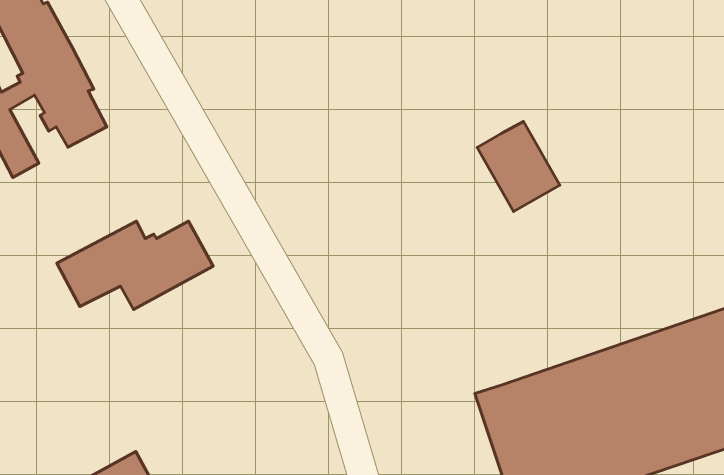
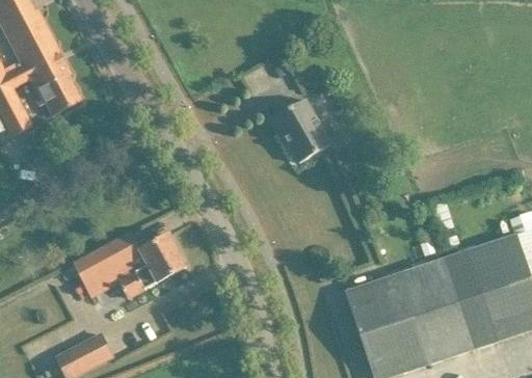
building: [477,121,560,211] -> [273,98,332,162]
building: [57,221,213,309] -> [74,234,186,297]

